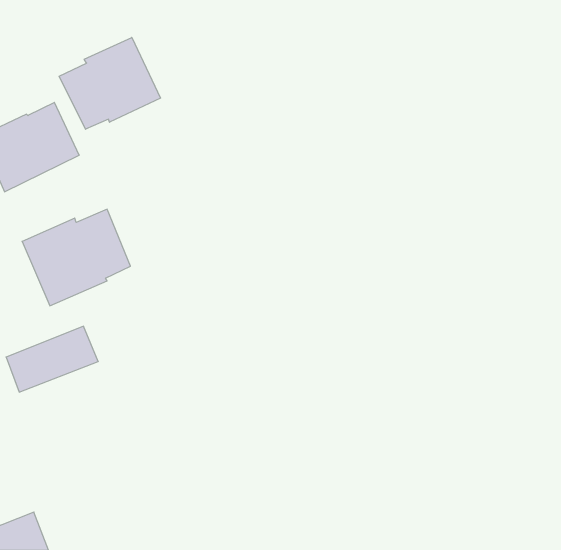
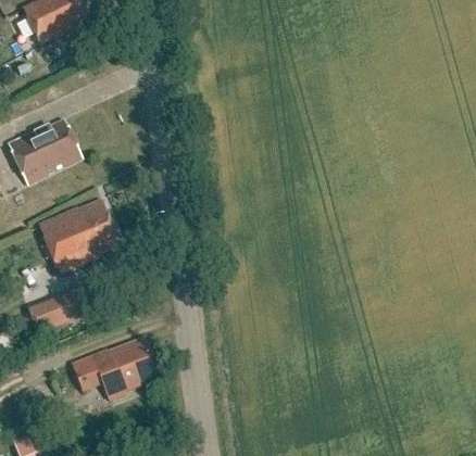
building: [59,37,161,129] -> none
building: none -> [68,331,158,396]

